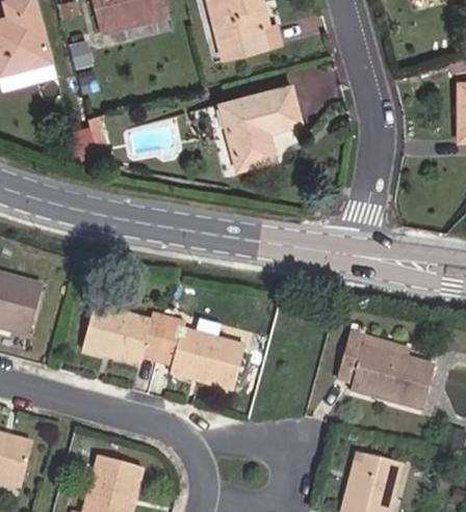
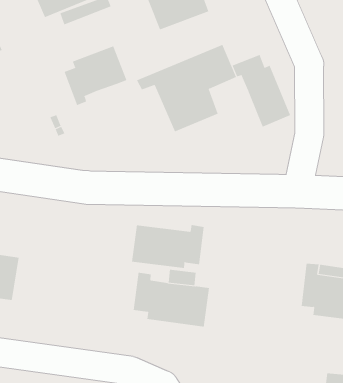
building: none -> [64,45,127,106]
building: none -> [232,54,291,127]
building: [82,307,166,361] -> [131,225,205,269]

